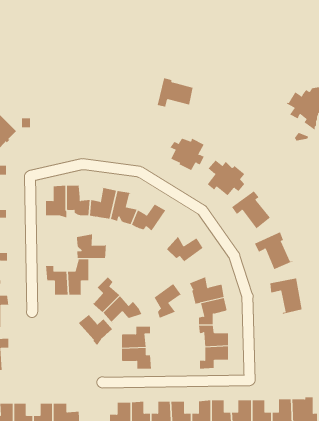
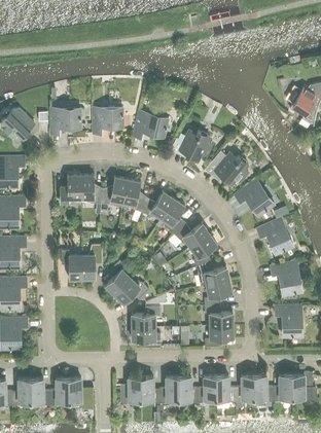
building: [157,77,194,107] -> [133,111,168,139]
building: none -> [93,107,122,135]
building: none -> [50,108,80,135]
building: none -> [160,199,185,234]
building: [77,233,106,259] -> none
building: [154,283,182,318] -> [190,233,217,266]
building: [78,313,113,346] -> none
building: none -> [275,305,301,336]

